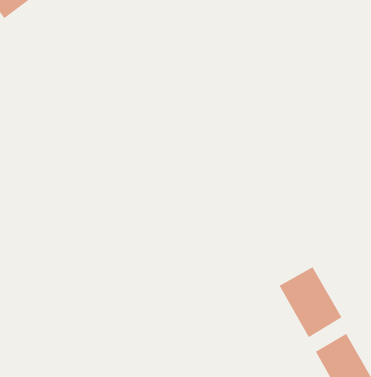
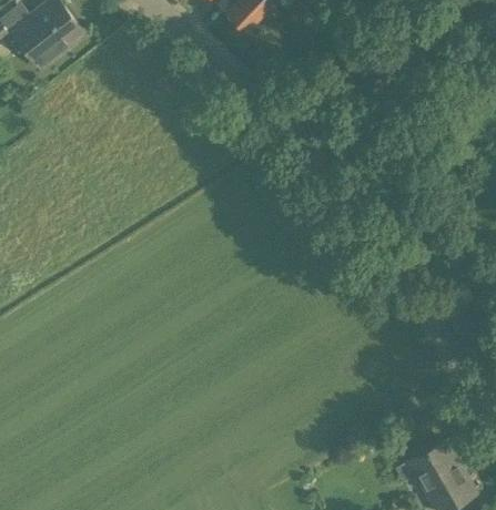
building: [278,266,343,338] -> none

